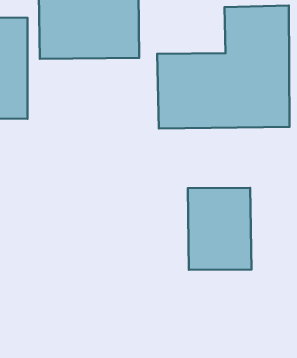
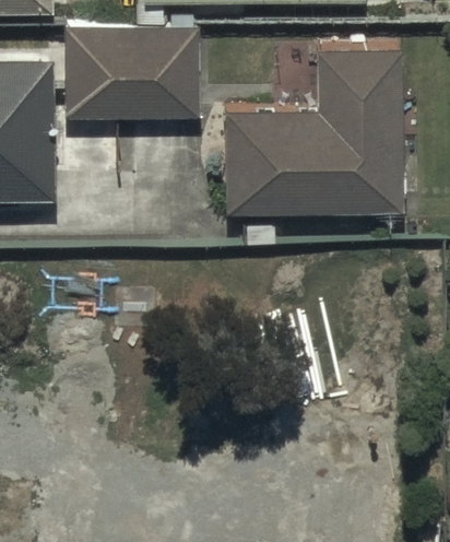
building: [188,188,251,270] -> none

